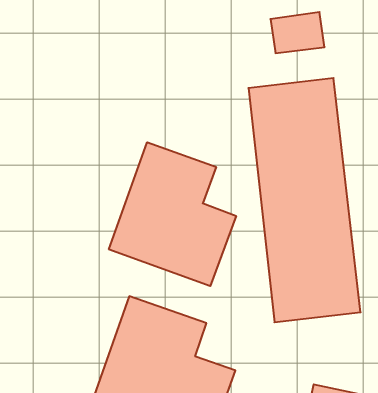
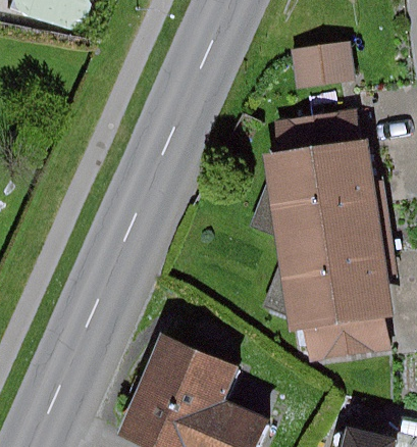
building: [109,142,236,286] -> none

